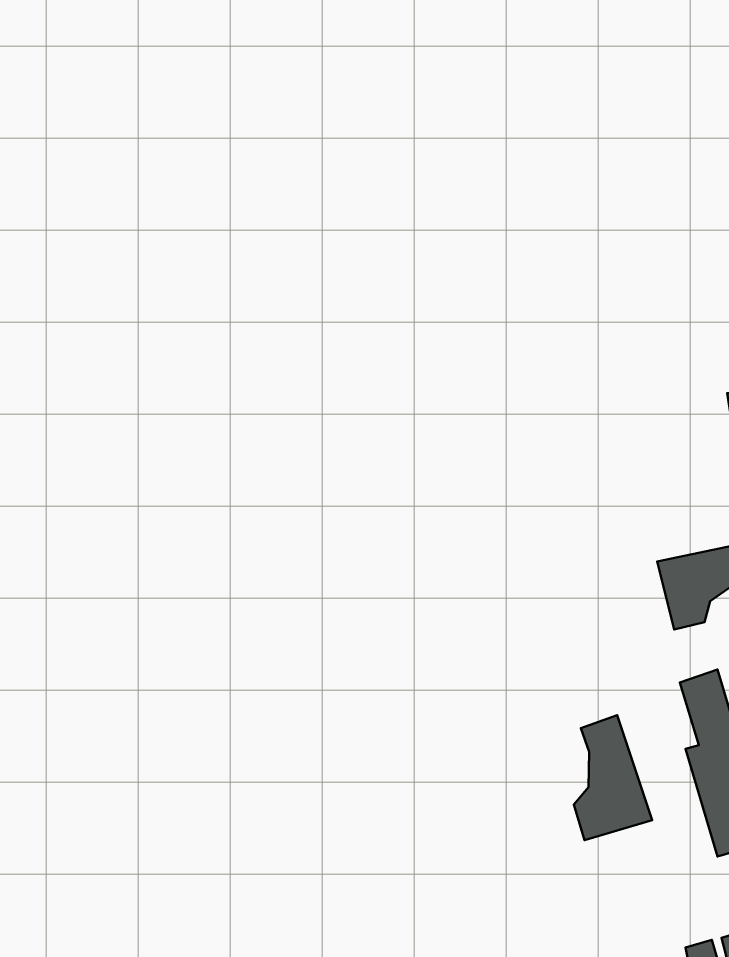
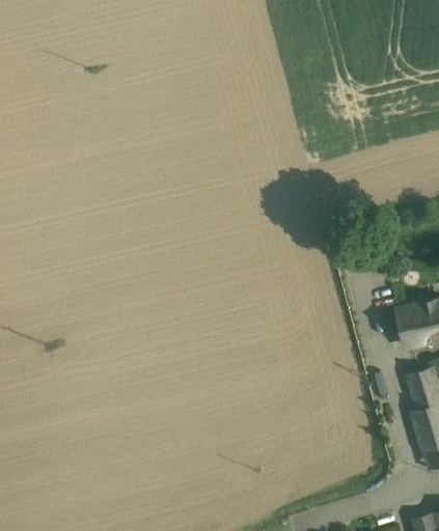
building: [574,715,652,840] -> none

